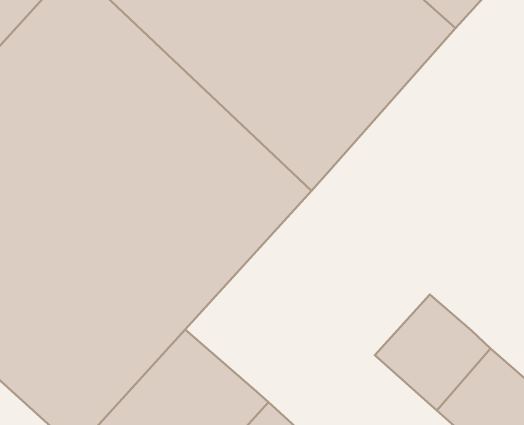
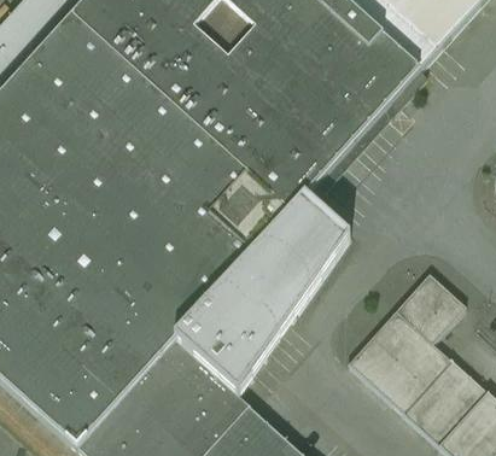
building: none -> [175,198,350,397]
building: none -> [395,273,466,343]

